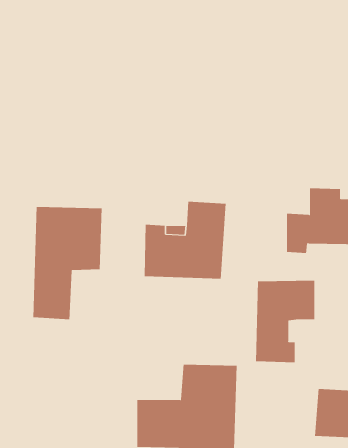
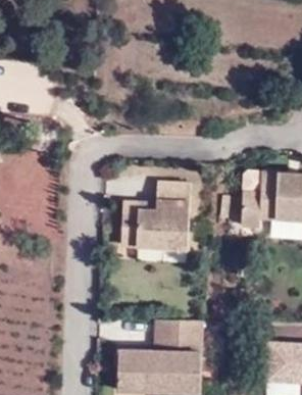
building: [33,206,102,320] -> none
building: [256,280,315,363] -> none

